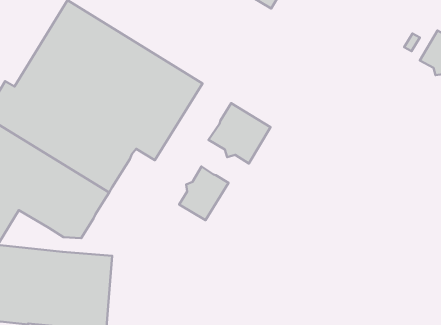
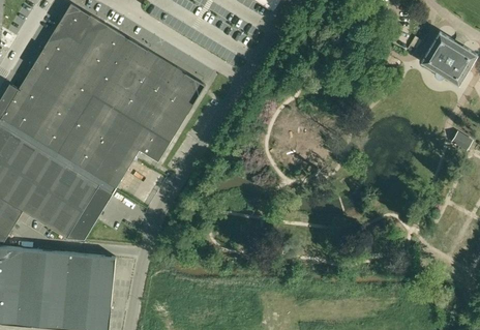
building: [208,103,270,163] -> none
building: [179,166,229,220] -> none

